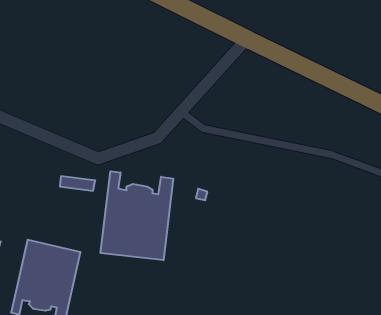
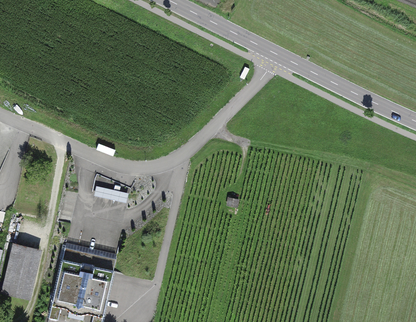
building: [101,171,173,260] -> none

